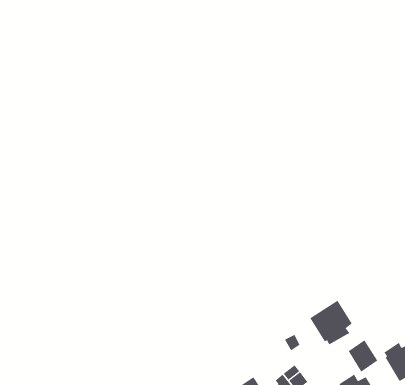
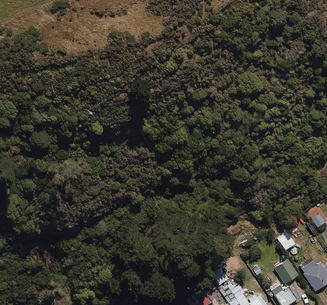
building: [310,300,353,345] -> none

